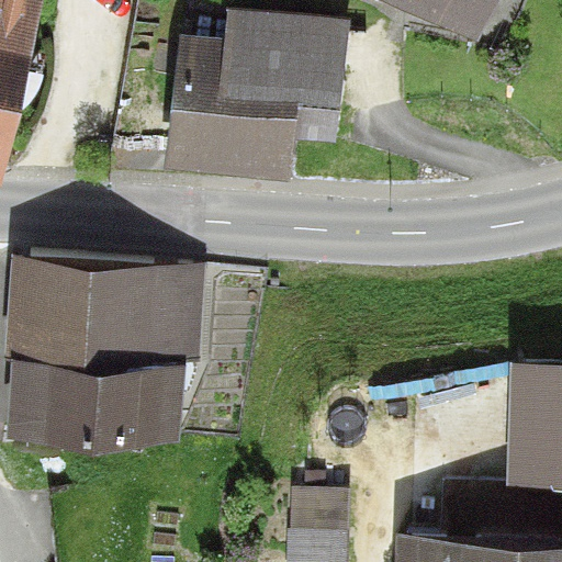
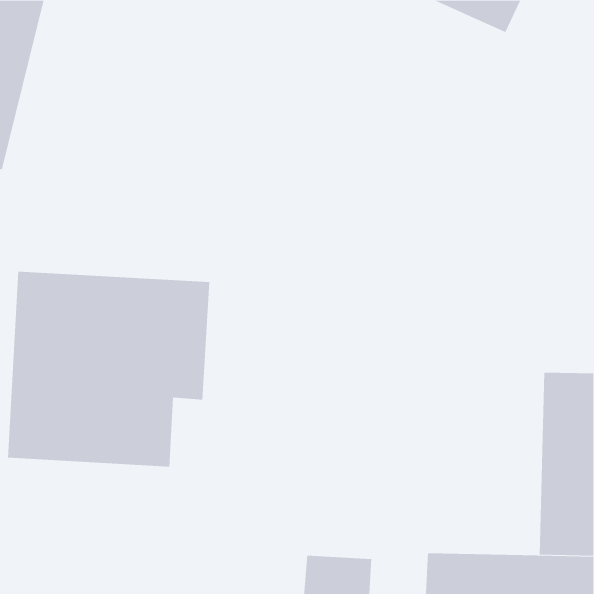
building: [182,10,353,171] -> none

